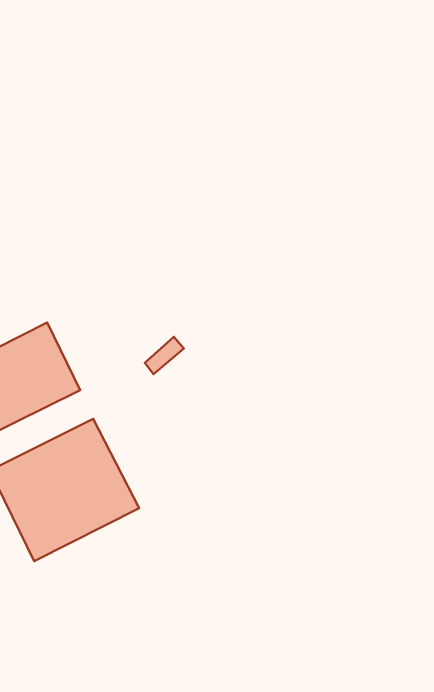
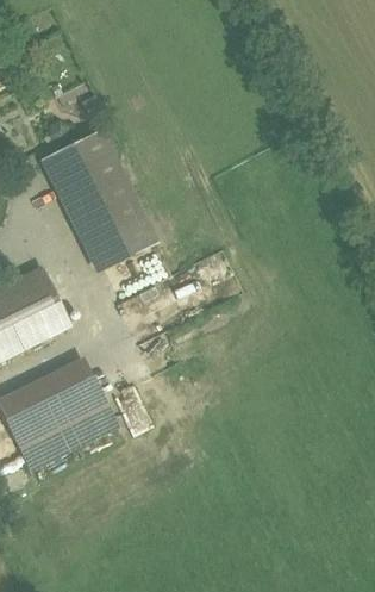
building: none -> [46,133,156,269]

